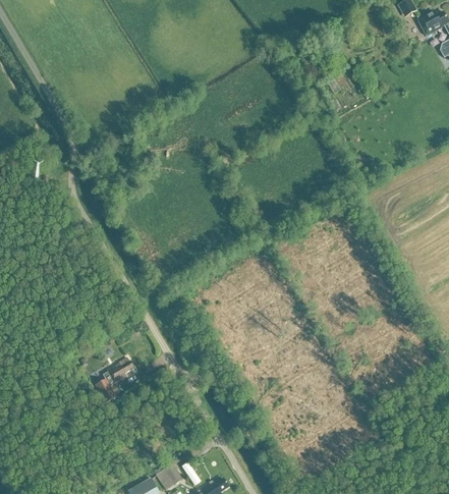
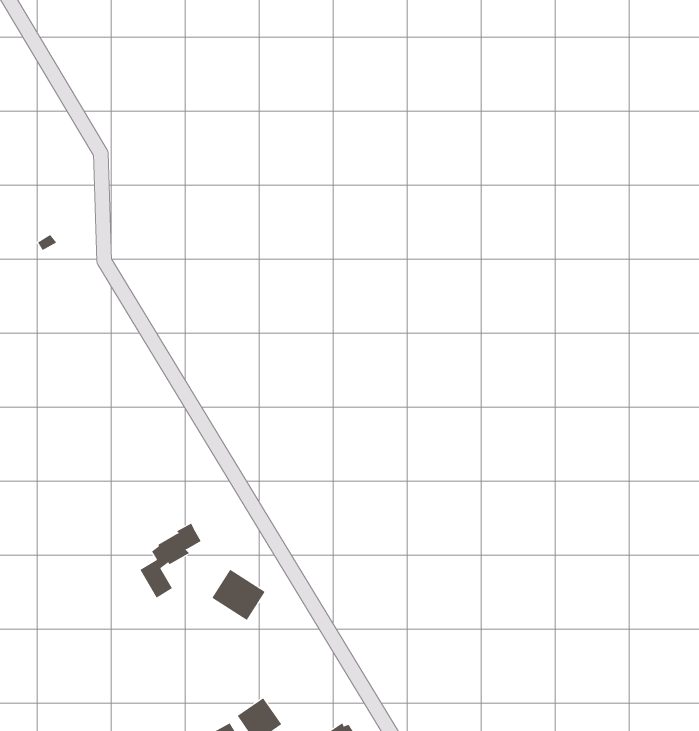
building: none -> [211,569,266,621]

